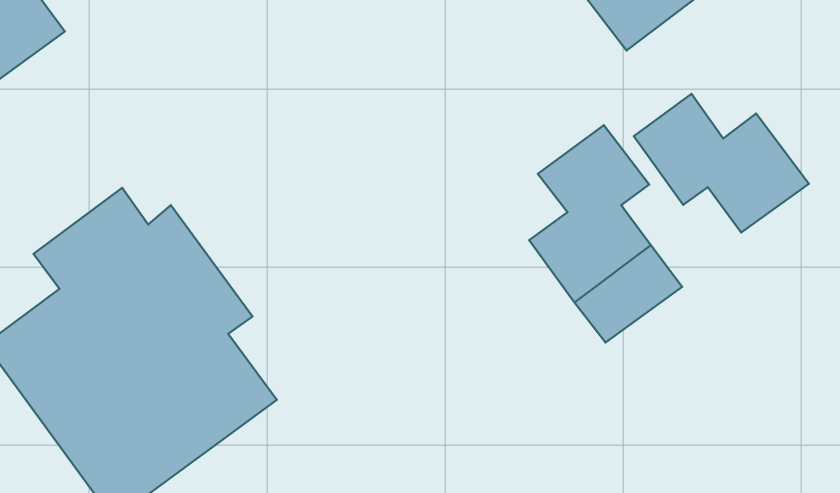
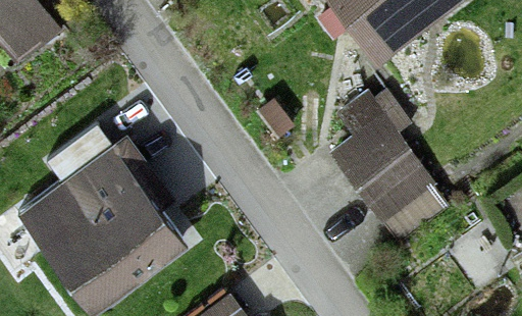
building: [634,94,809,233] -> none

